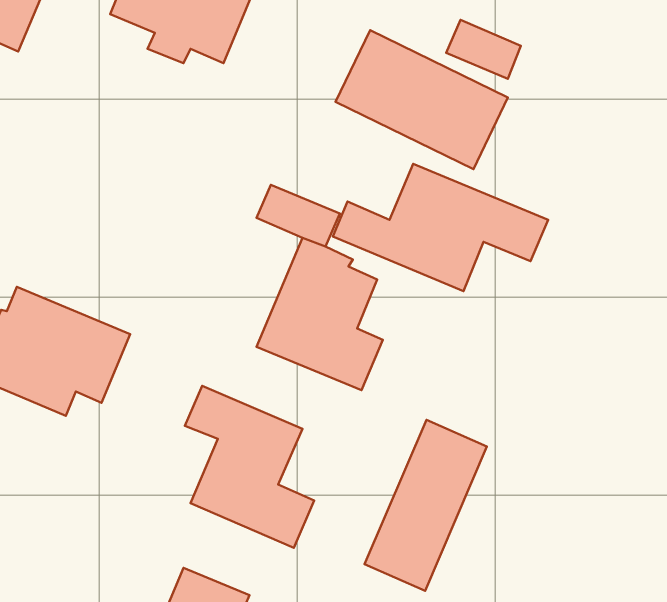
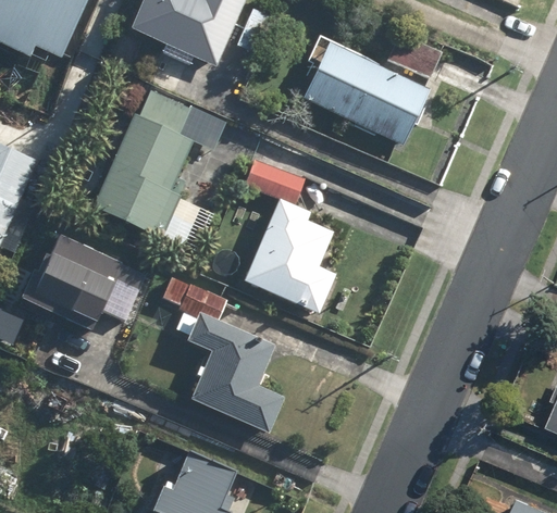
building: none -> [94,87,225,237]
building: [333,164,548,291] -> none
building: [364,420,487,591] -> none

